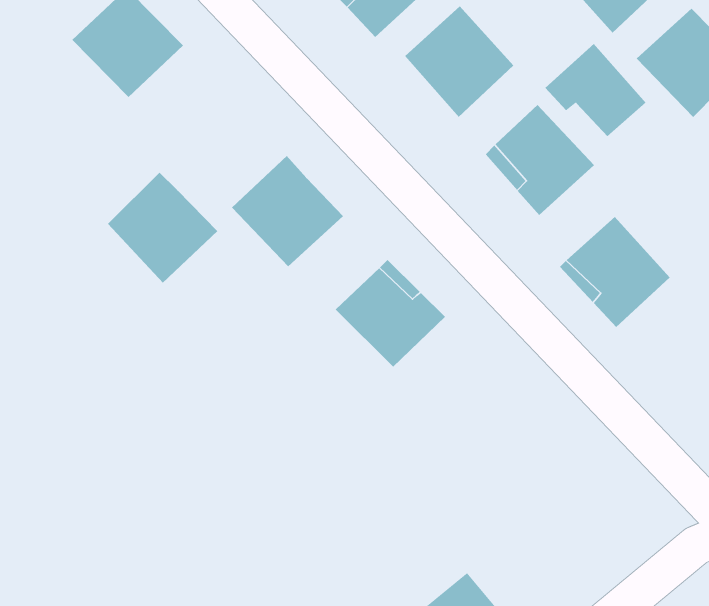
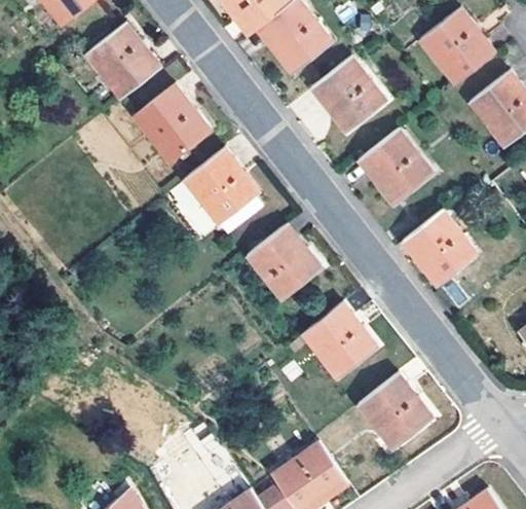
building: [544,43,647,137] -> none
building: [107,172,218,283] -> [135,84,210,160]
building: none -> [303,303,376,378]
building: none -> [356,372,433,449]

